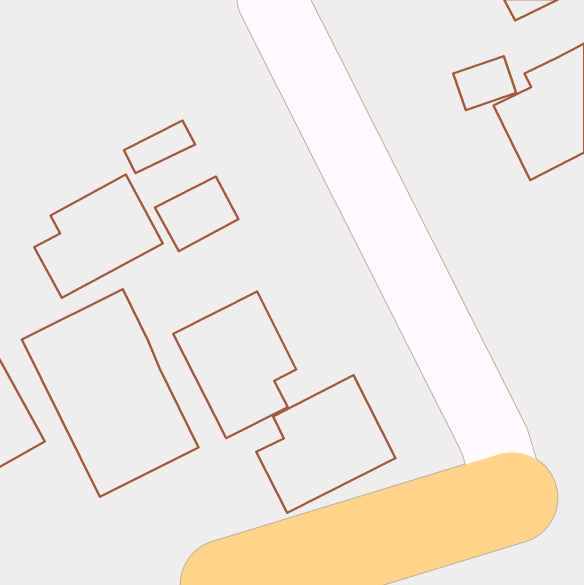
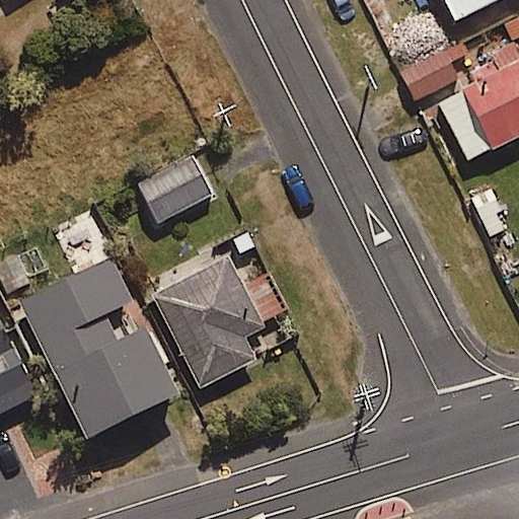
building: [34,175,163,298] -> none
building: [256,375,395,513] -> none

